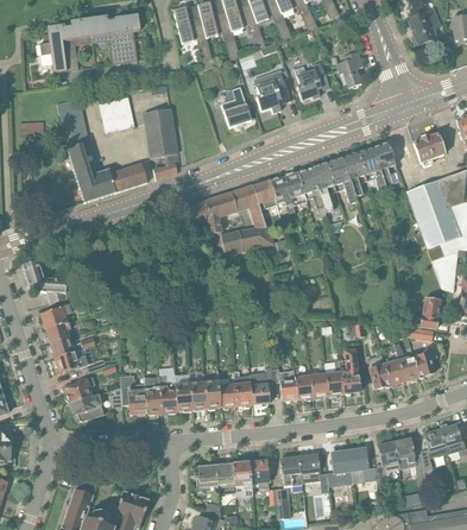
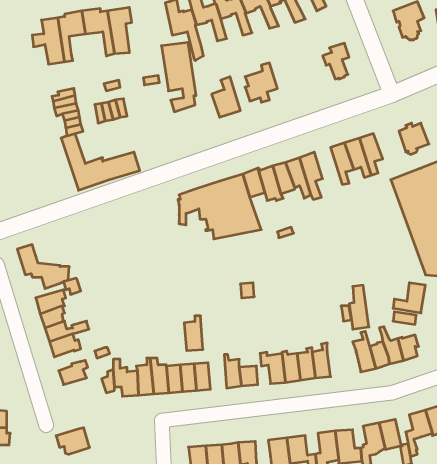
building: [296,62,328,100] -> none
building: [143,108,178,179] -> [161,42,196,112]
building: [327,158,358,204] -> none
building: [340,348,360,393] -> [349,285,369,329]
building: [217,371,236,406] -> [184,316,203,351]
building: [69,393,103,421] -> [56,428,90,454]

